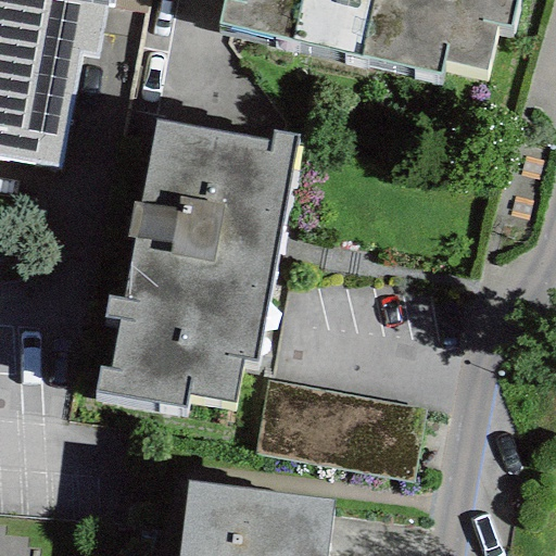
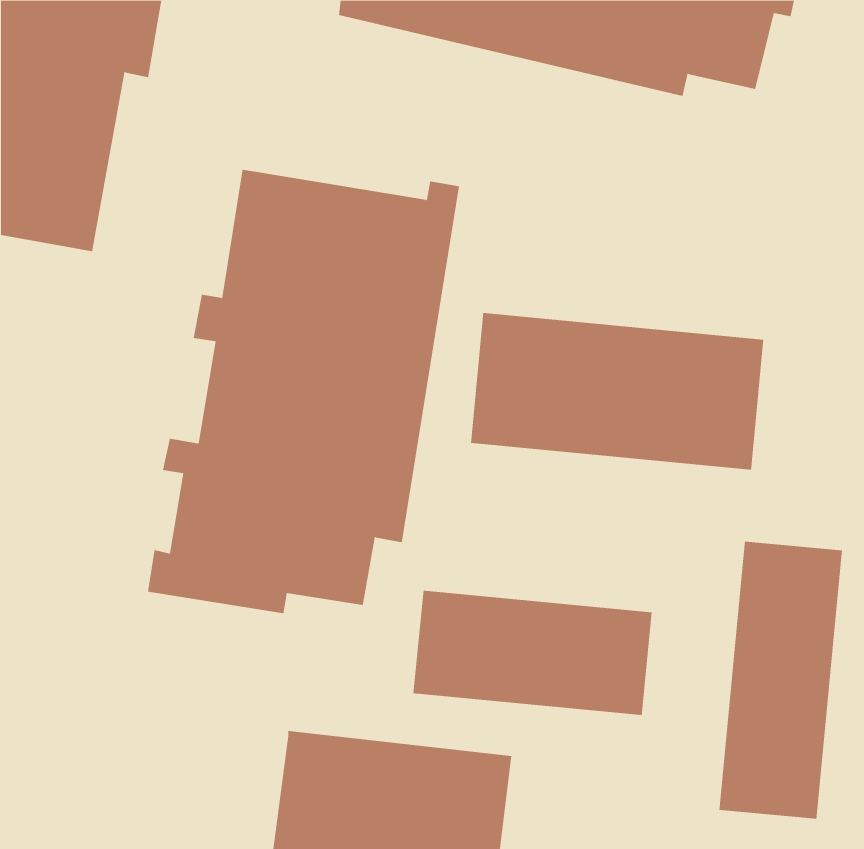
building: none -> [471,312,764,470]
building: none -> [719,541,843,820]

